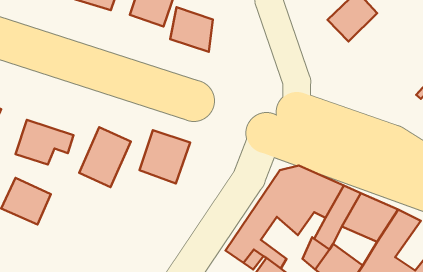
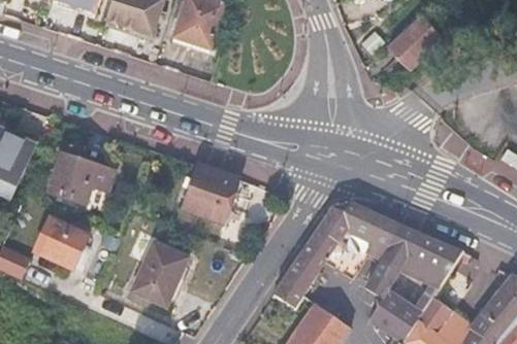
building: [170,7,213,52] -> none
building: [79,127,131,187] -> [130,240,186,305]

